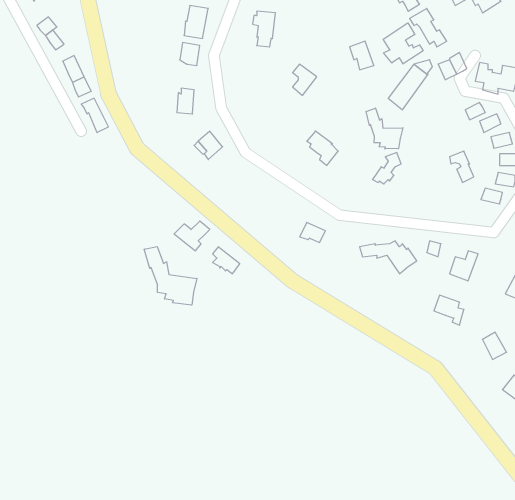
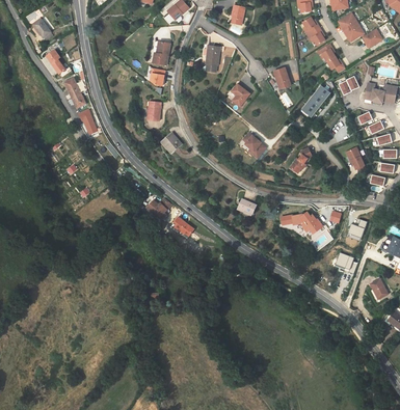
building: [383,23,423,64] -> none
building: [366,108,403,149] -> none
building: [144,247,197,305] -> none

